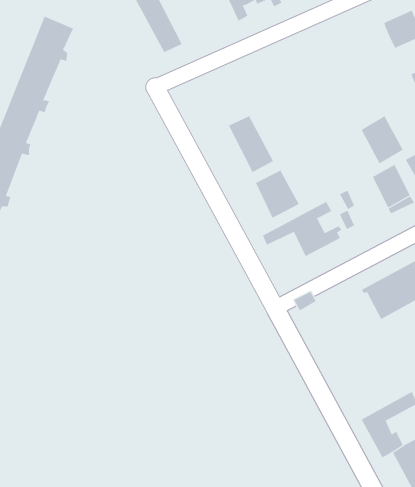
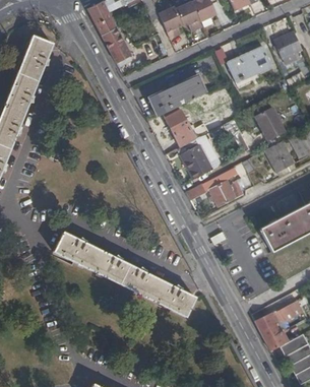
building: none -> [228,46,272,81]
building: none -> [148,73,206,117]
building: none -> [54,231,196,317]

